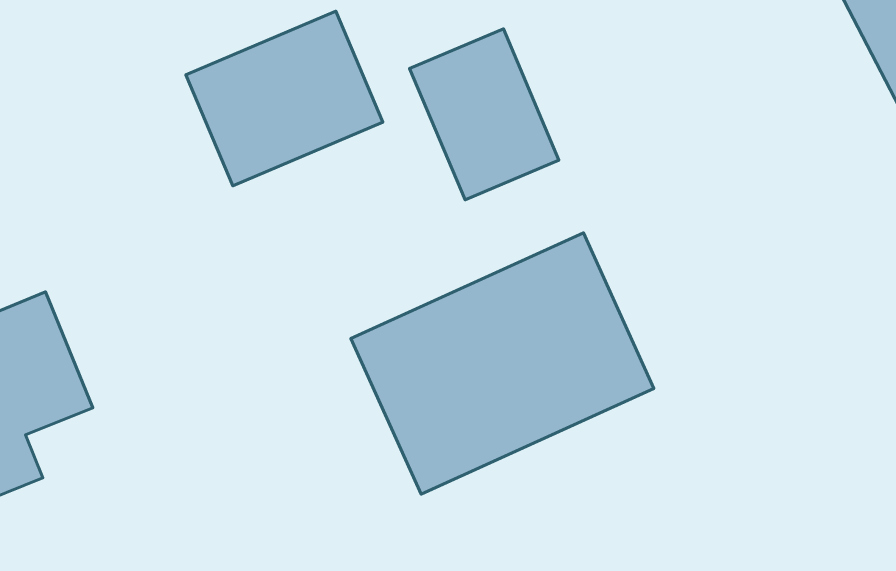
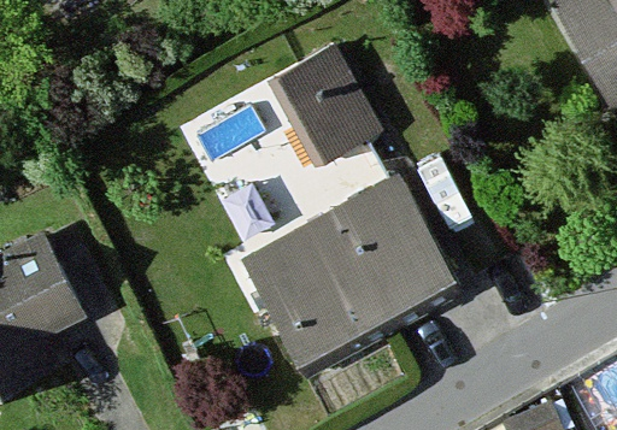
building: [186,11,383,186] -> none

